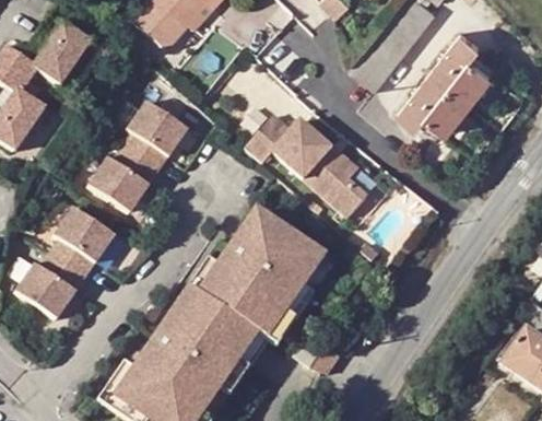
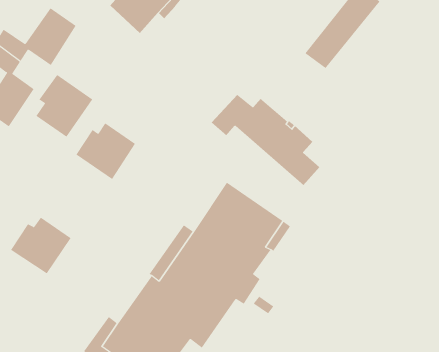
building: [392,30,488,131] -> none
building: [123,102,188,173] -> [36,74,93,137]
building: [51,207,116,279] -> none

